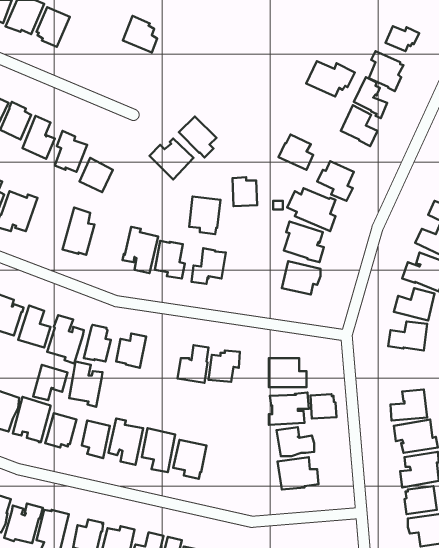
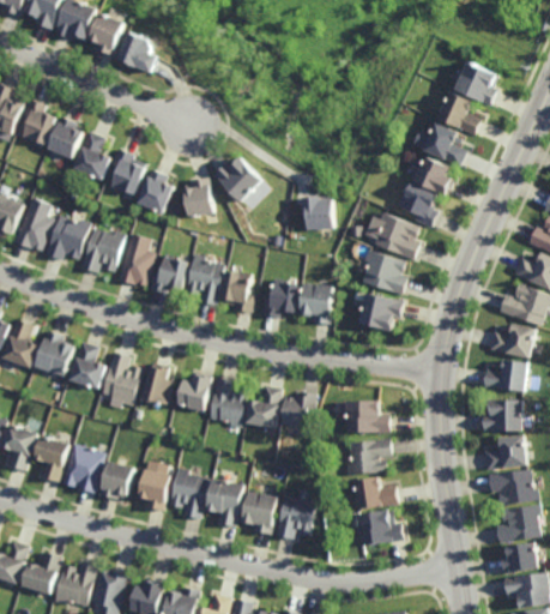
building: [123,16,157,52] -> [120,34,158,74]
building: [385,26,419,51] -> none
building: [306,61,355,96] -> none
building: [179,117,216,157] -> none
building: [279,134,313,170] -> [418,154,457,193]
building: none -> [182,180,213,219]
building: [189,197,220,234] -> [301,282,336,324]
building: none -> [79,228,125,272]
building: none -> [147,254,188,294]
building: none -> [481,401,519,431]
building: [69,362,103,407] -> [208,378,246,428]
building: [33,365,68,400] -> none
building: [310,394,336,418] -> none
building: none -> [276,496,316,540]

